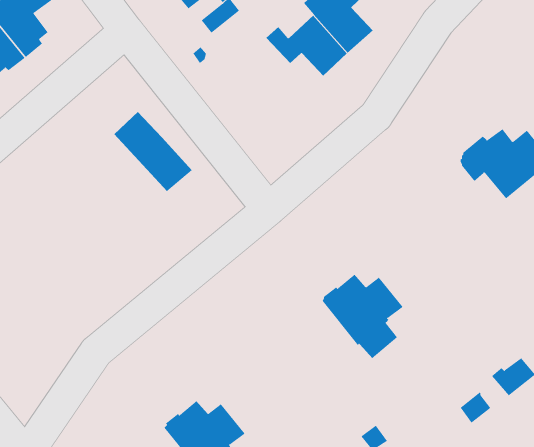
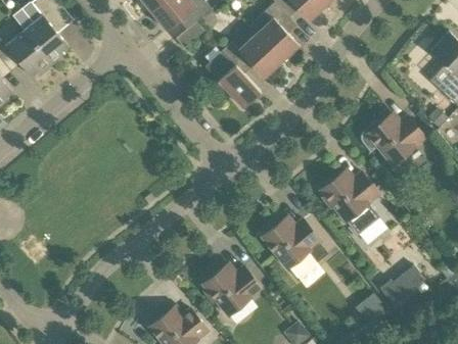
building: [114,111,193,192] -> [204,50,261,107]
building: none -> [320,171,379,234]
building: none -> [202,265,261,315]

